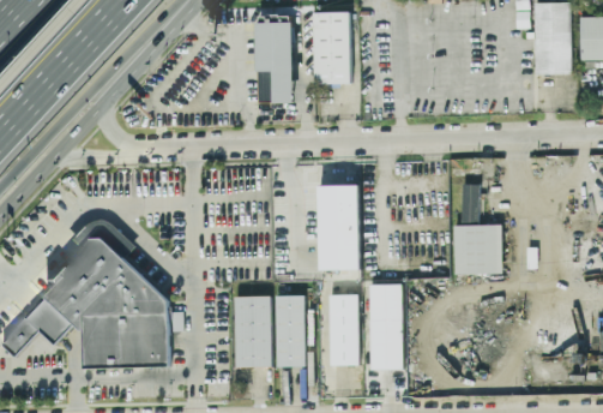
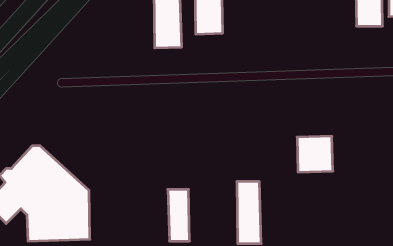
building: [460,182,478,223] -> none
building: [319,187,362,274] -> none
building: [330,295,360,366] -> none
building: [235,297,272,369] -> none

